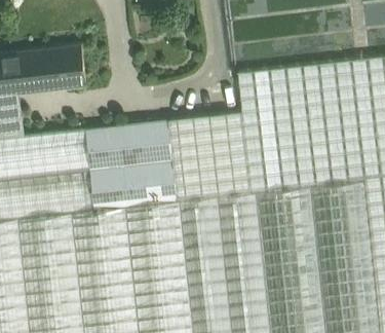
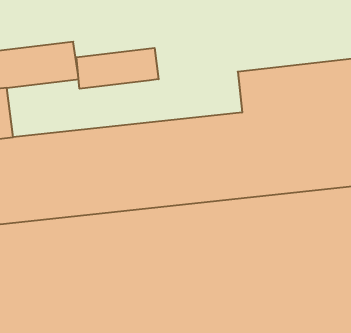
building: none -> [77,48,159,89]

